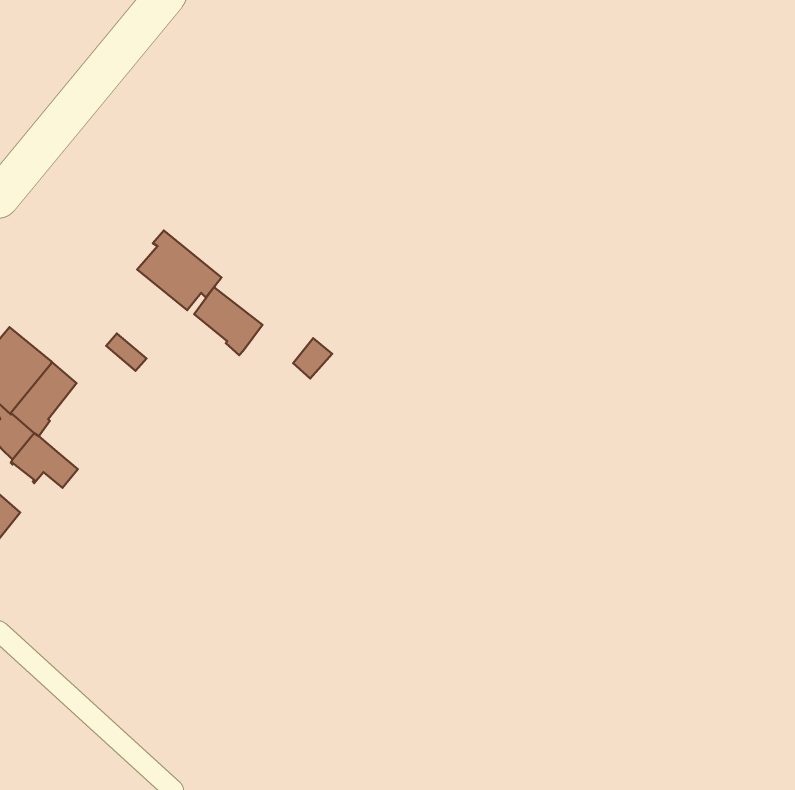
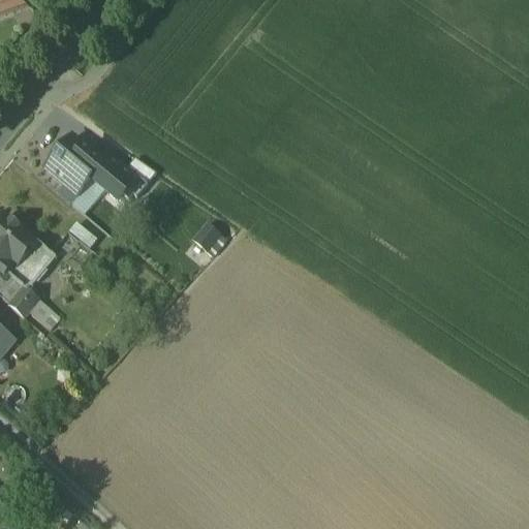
building: none -> [45,137,104,196]
building: [194,286,262,355] -> none

